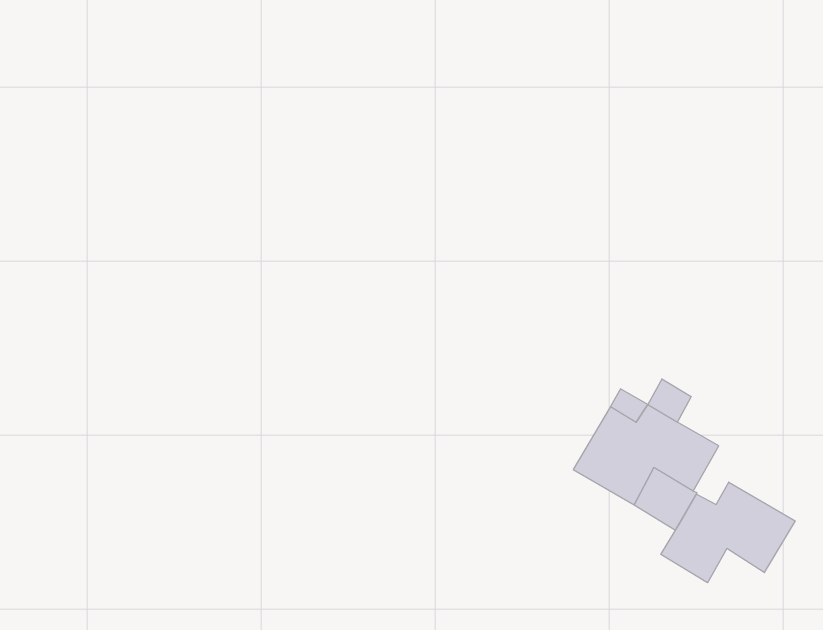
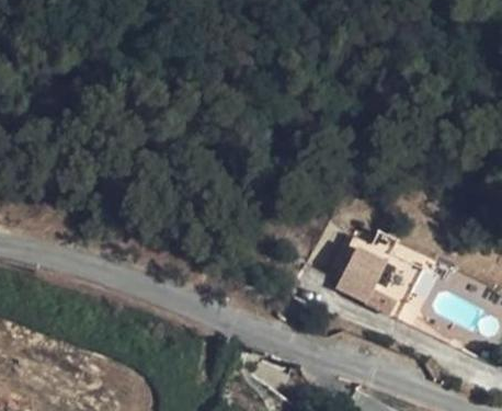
building: [661,482,795,583] -> none

